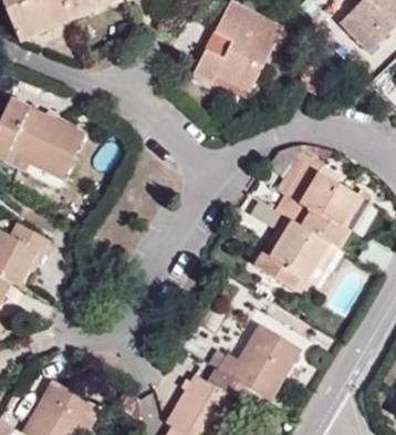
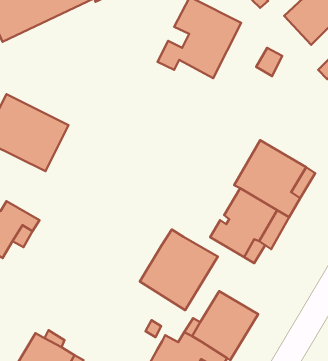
building: none -> [140,230,218,310]

